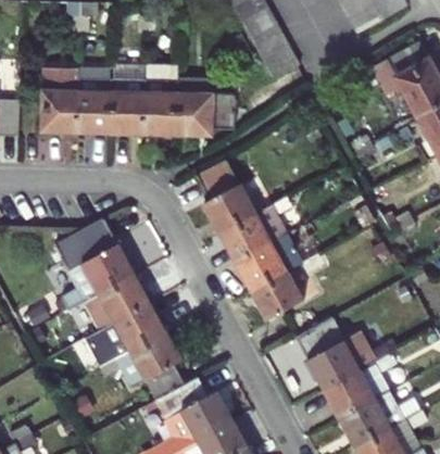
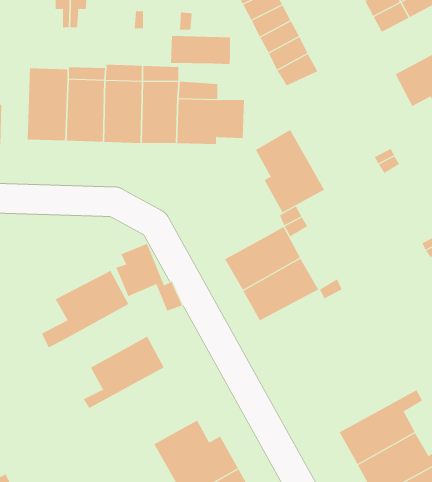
building: none -> [170,35,230,65]
building: [194,161,256,236] -> [255,129,325,213]
building: [54,220,117,272] -> none
building: [250,272,303,321] -> none
building: [83,276,150,332] -> none
building: [292,317,390,390] -> none
building: [98,332,181,401] -> none

